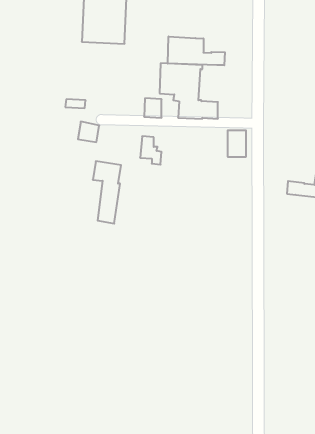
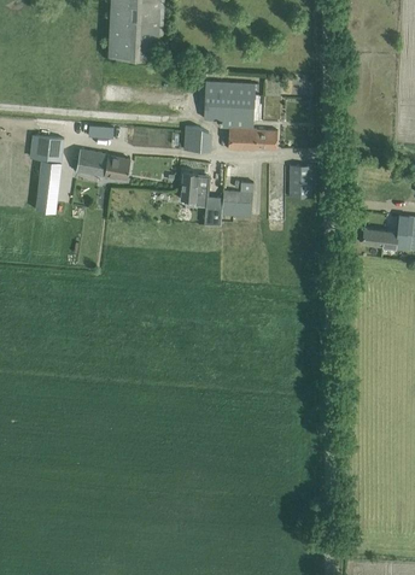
building: [168,36,225,65] -> none
building: none -> [75,149,106,176]
building: none -> [221,190,252,216]
building: [93,161,121,224] -> [28,135,63,212]

